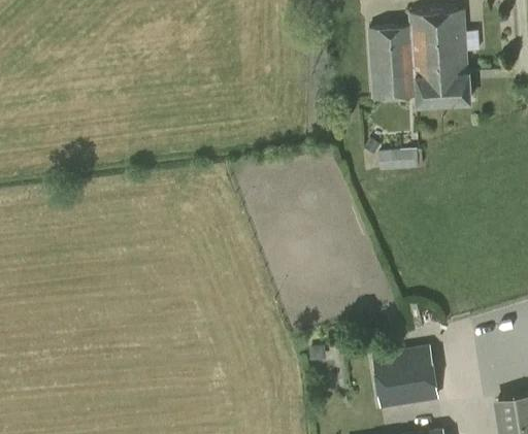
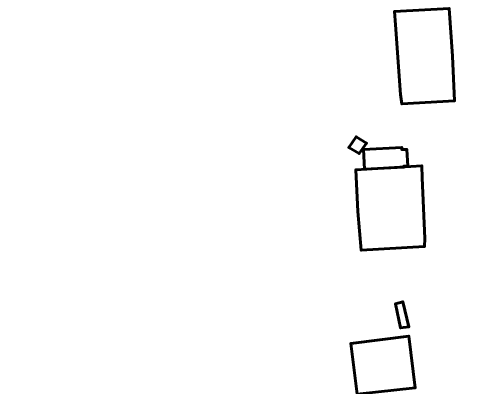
building: [371,27,418,99] -> none
building: none -> [356,166,425,250]

